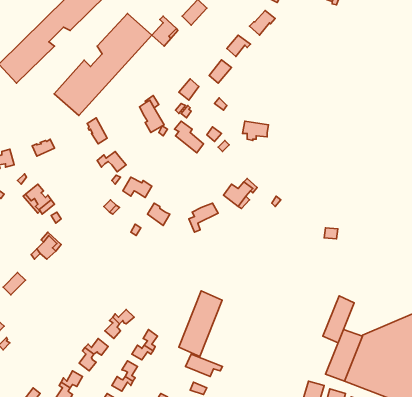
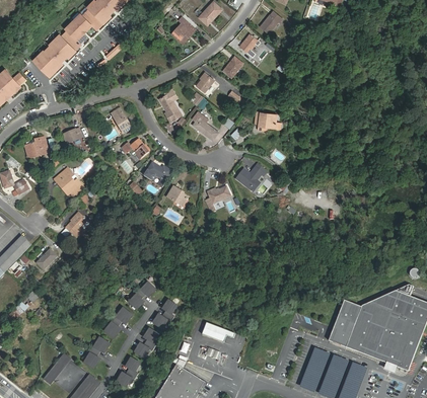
building: [54,14,152,116] -> none
building: [179,291,222,357] -> none
building: [323,296,354,343] -> none

